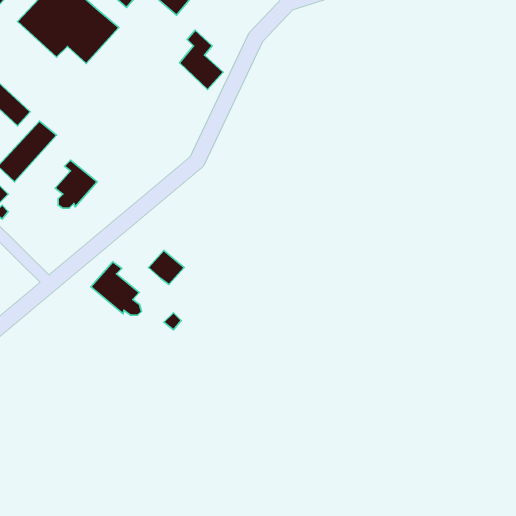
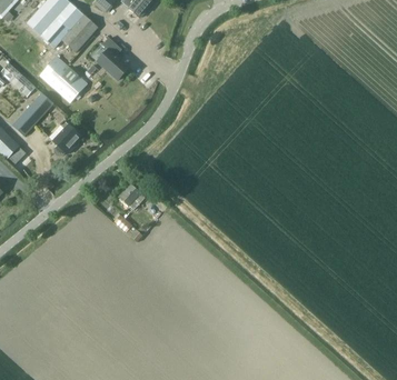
building: [180,30,223,89] -> [97,37,128,79]
building: none -> [39,54,87,101]
building: [91,262,142,315] -> none

